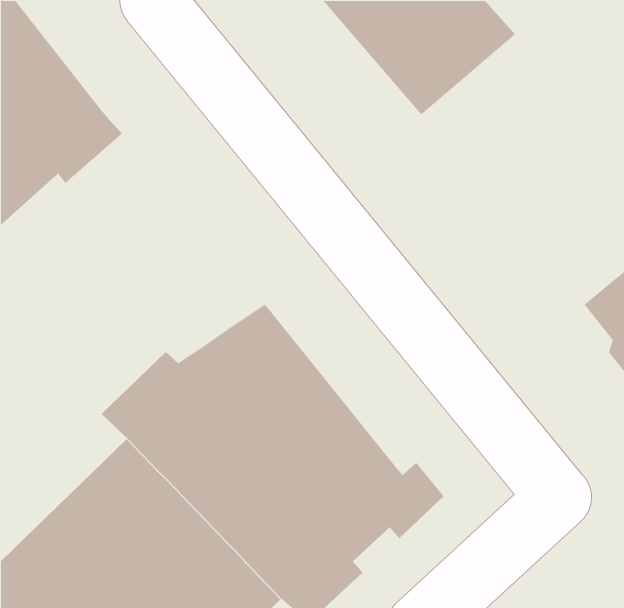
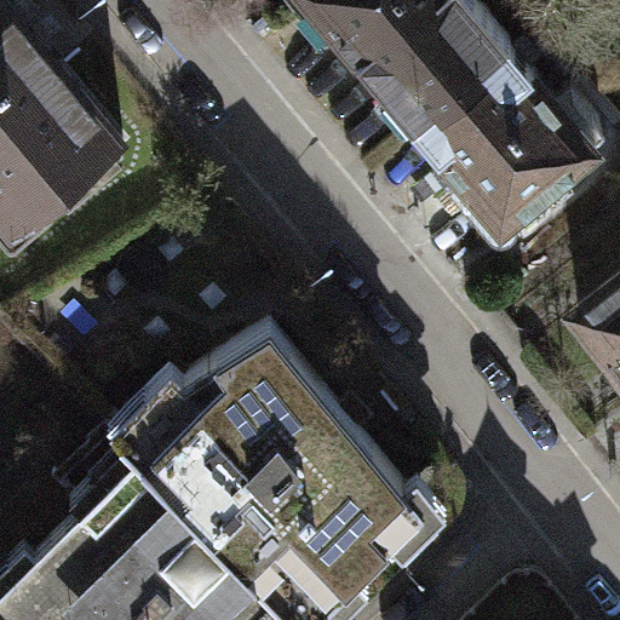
building: none -> [419,53,599,236]

